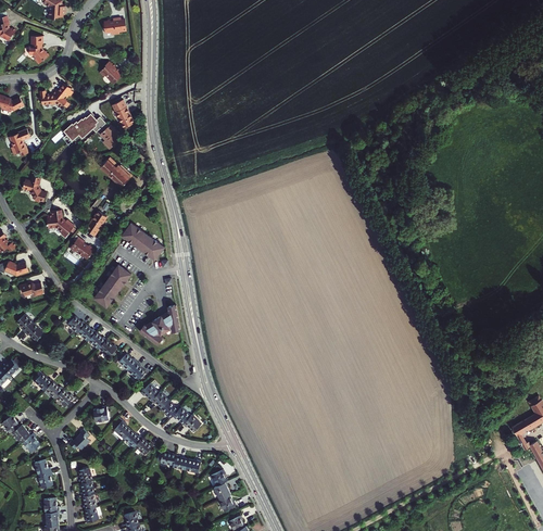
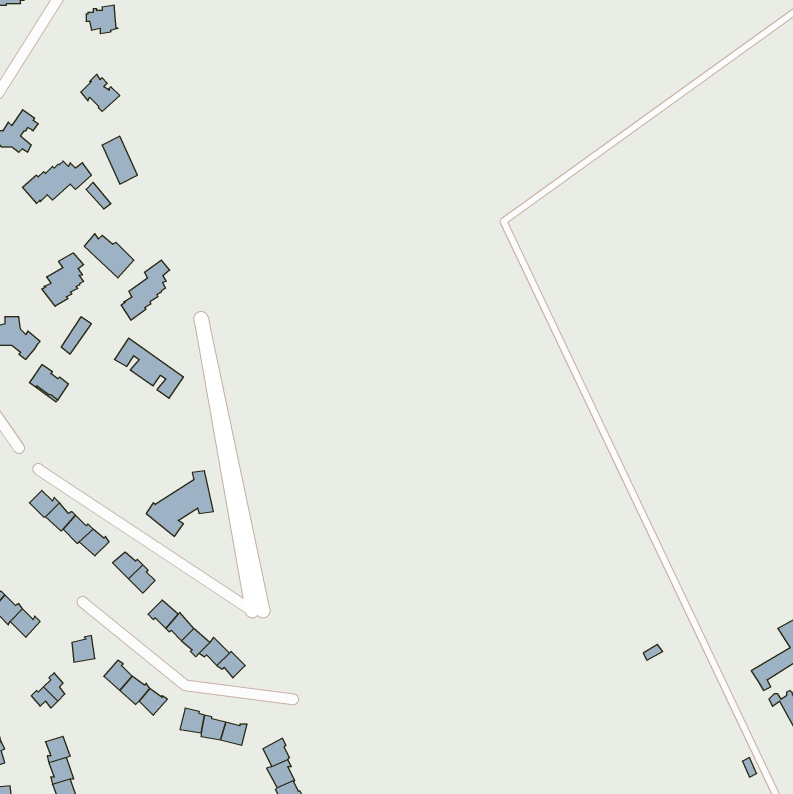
building: none -> [42,253,84,306]
building: none -> [121,260,170,320]
building: [93,265,130,307] -> none

